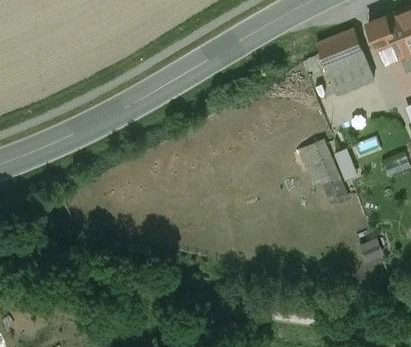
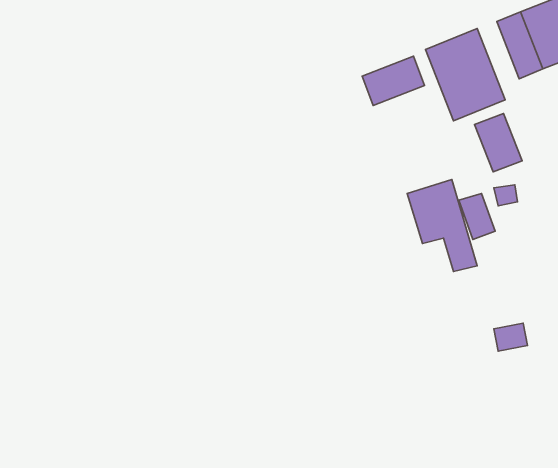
building: none -> [362,56,424,106]
building: none -> [475,114,522,172]

